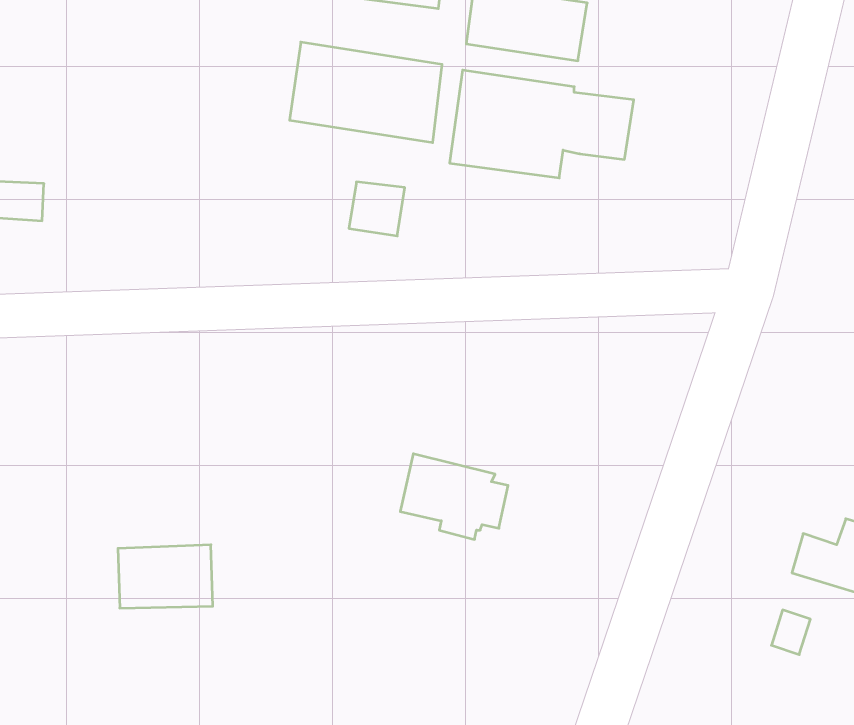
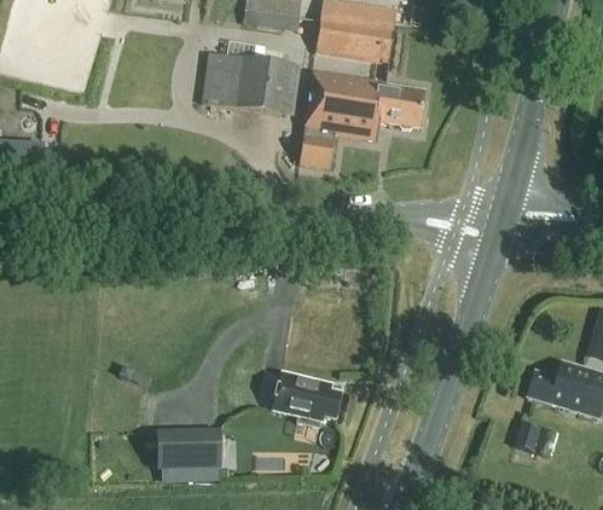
building: [349,182,405,236] -> [300,133,336,168]
building: [400,454,508,539] -> [272,371,342,427]
building: [118,545,213,608] -> [160,430,221,471]

